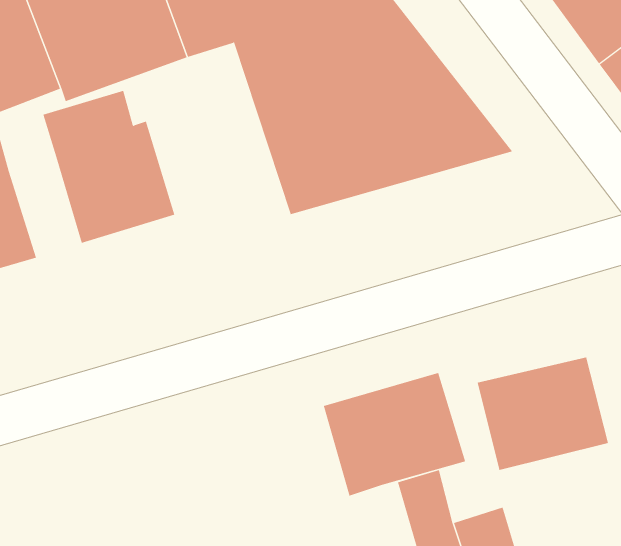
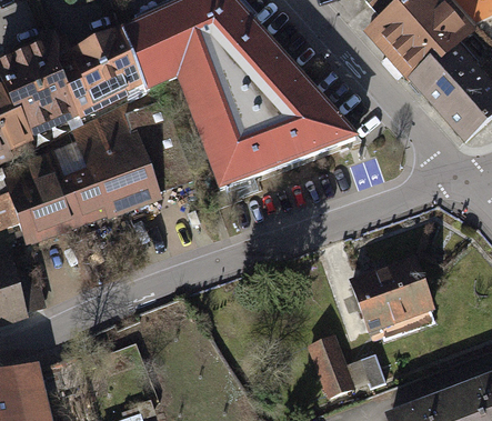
building: none -> [51,160,99,223]
building: [323,372,466,496] -> none

